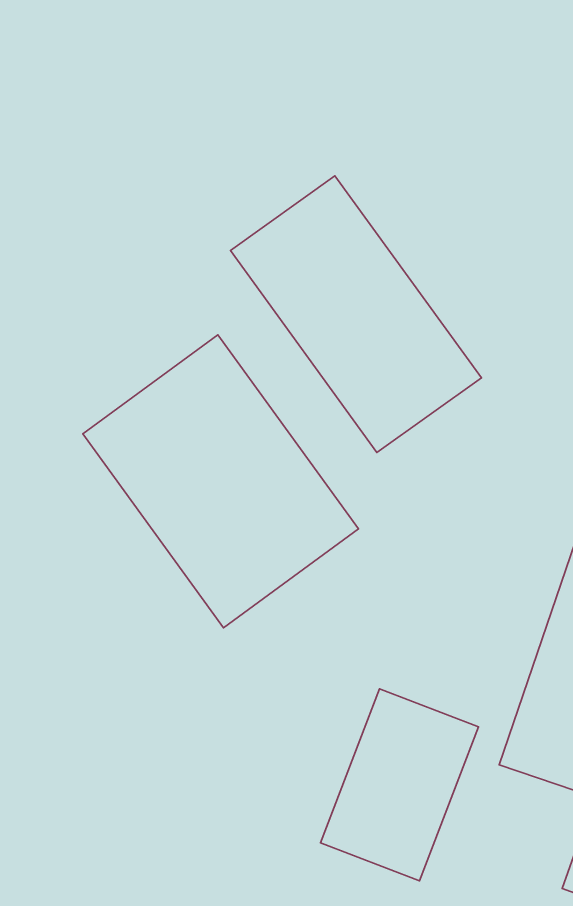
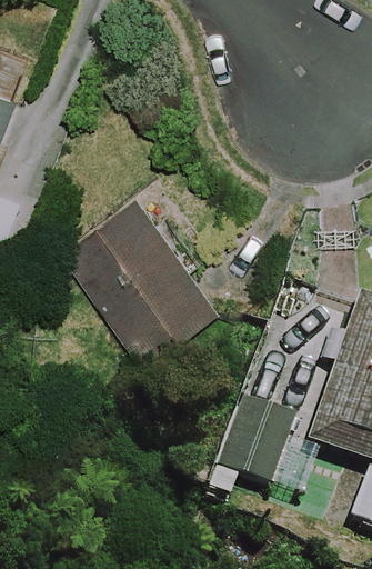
building: [230,176,481,453] -> none

